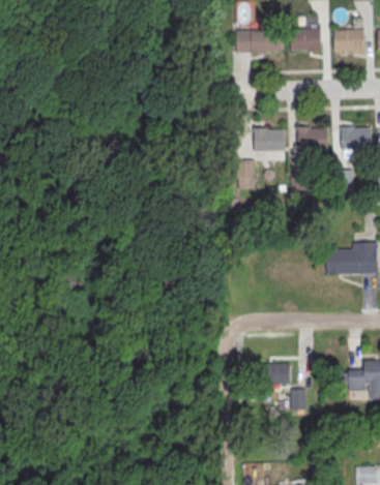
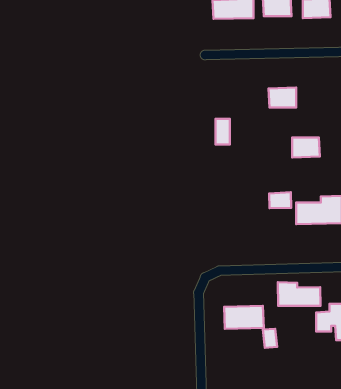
building: [342,128,372,150] -> [292,138,320,158]
building: [254,129,285,151] -> none
building: none -> [269,192,291,208]
building: none -> [278,282,320,306]

